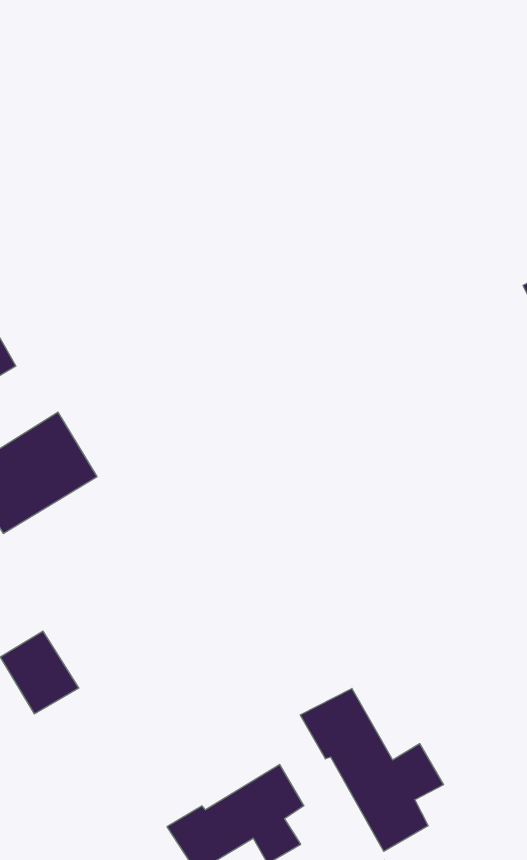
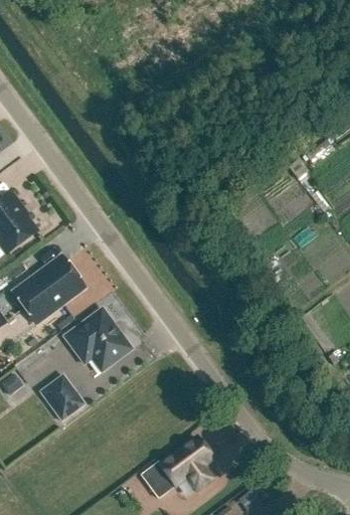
building: none -> [65,308,133,370]
building: [300,688,444,851] -> none

